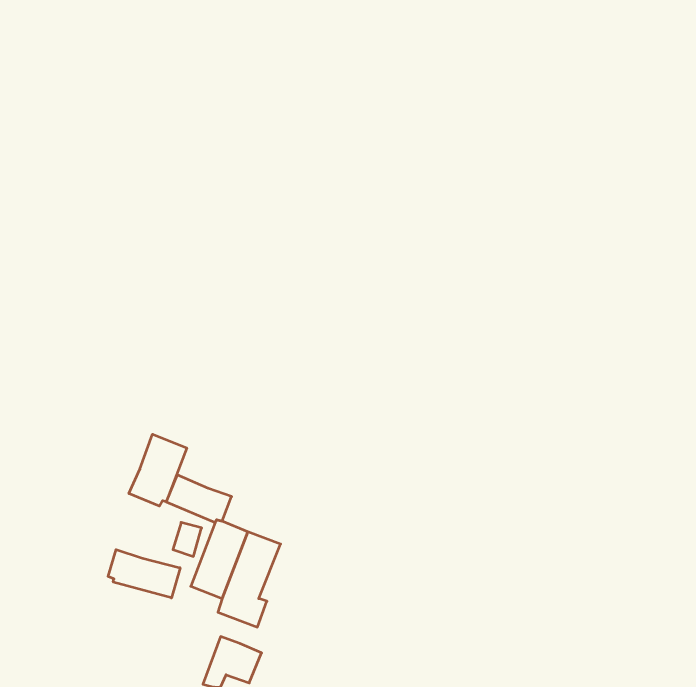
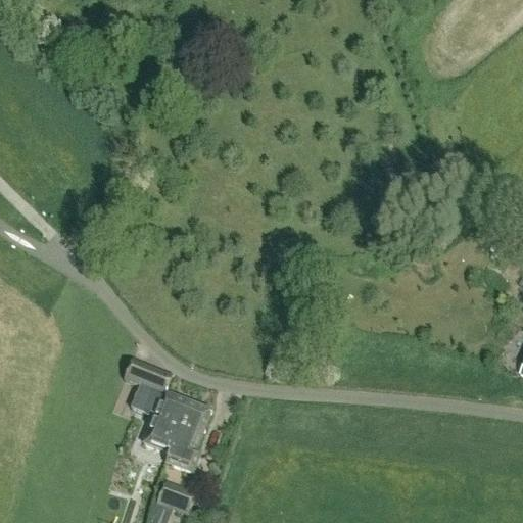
building: [129,434,187,506] -> none
building: [108,550,180,598] -> none

